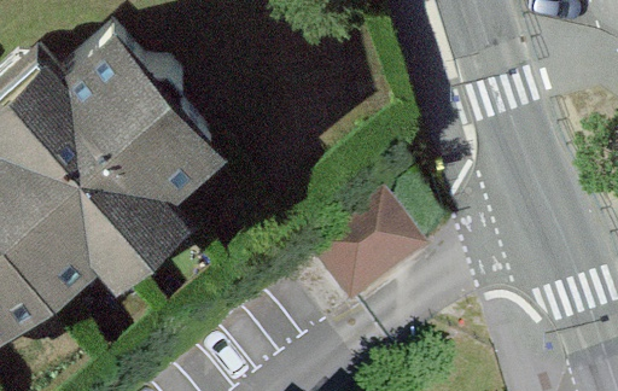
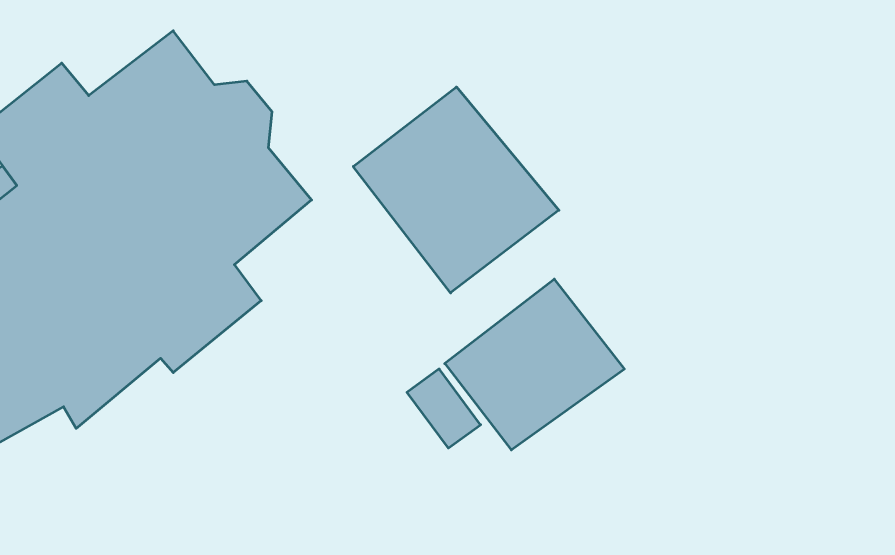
building: none -> [353,87,559,293]

